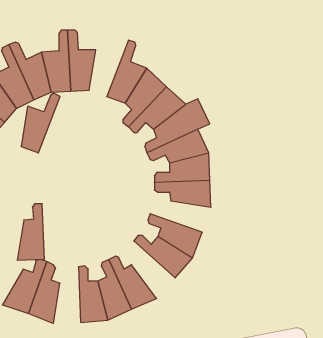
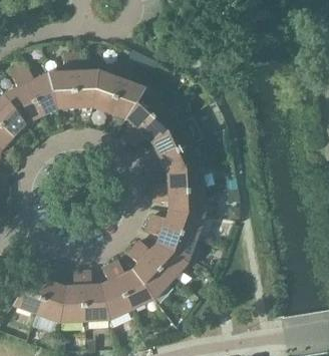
building: [21,93,60,153] -> [92,58,128,113]
building: none -> [148,210,205,239]
building: [17,204,44,260] -> [59,271,84,323]
building: none -> [129,247,172,300]

